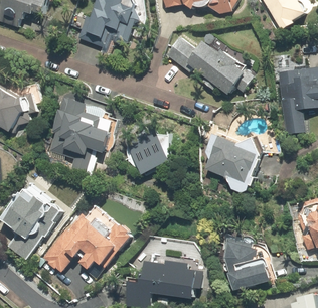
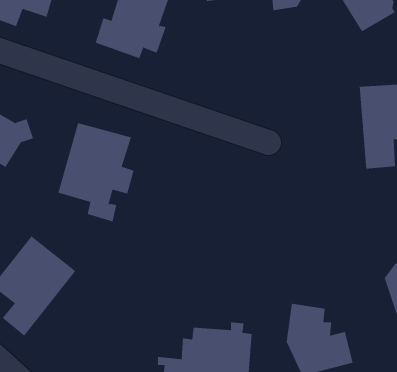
building: [166,36,255,95] -> none
building: [125,127,169,173] -> none
building: [204,135,262,193] -> none
building: [41,199,132,273] -> none

